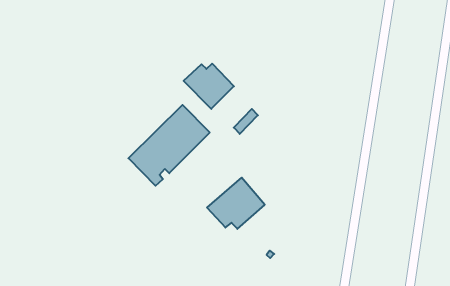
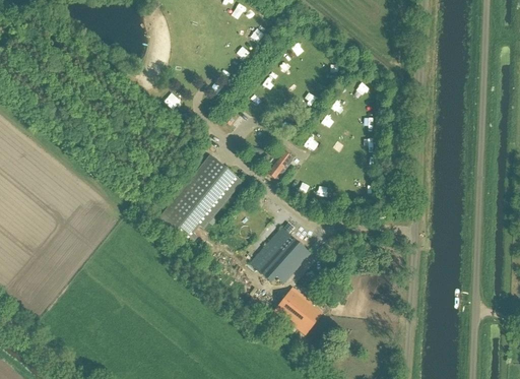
building: [184,64,234,109] -> none
building: none -> [274,287,323,334]

